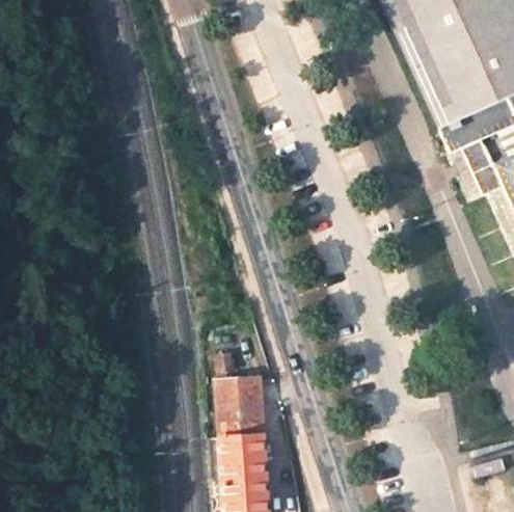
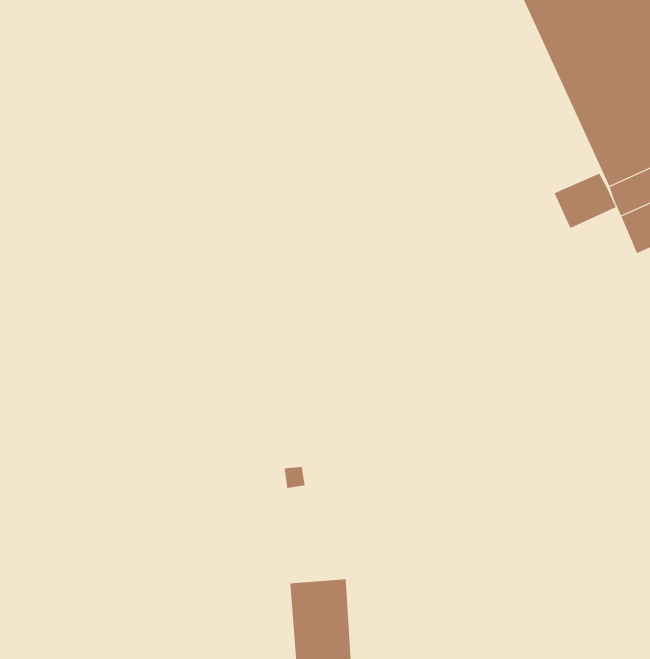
building: none -> [554,173,616,229]
building: [220,376,265,435] -> none

